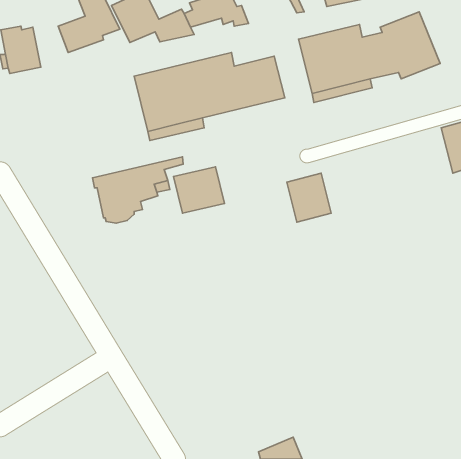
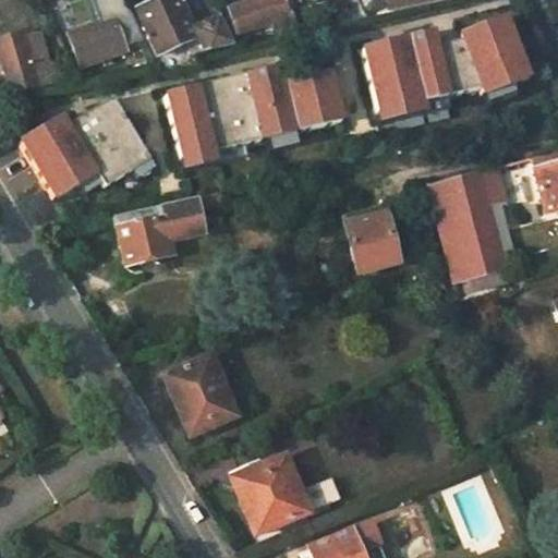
building: none -> [20,97,150,199]
building: none -> [432,161,508,276]
building: [173,167,224,213] -> none
building: none -> [168,359,236,432]
building: none -> [234,452,311,531]

